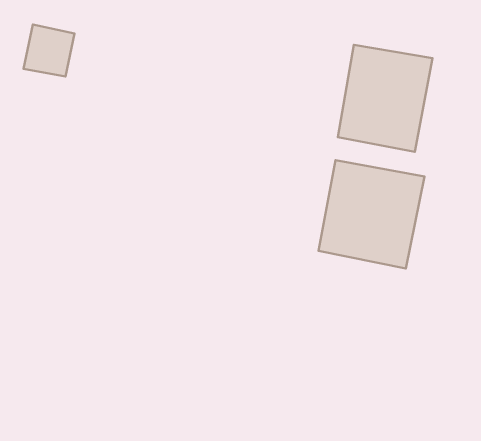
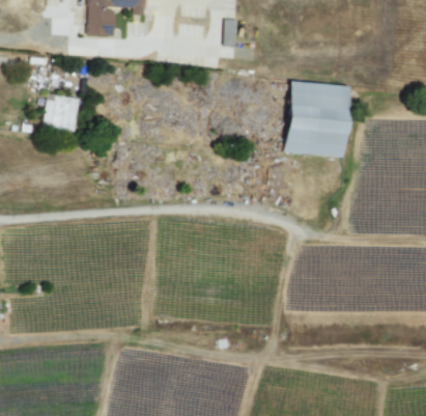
building: [318,160,425,269] -> none

